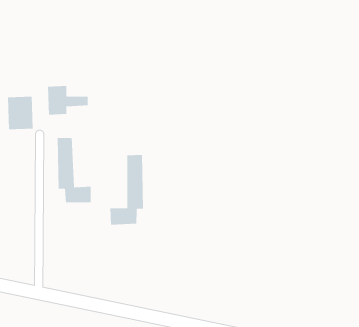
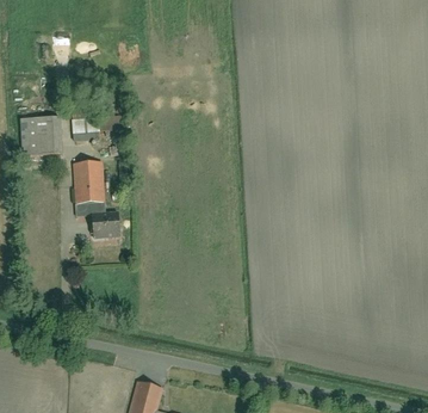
building: [110,154,144,225] -> none

